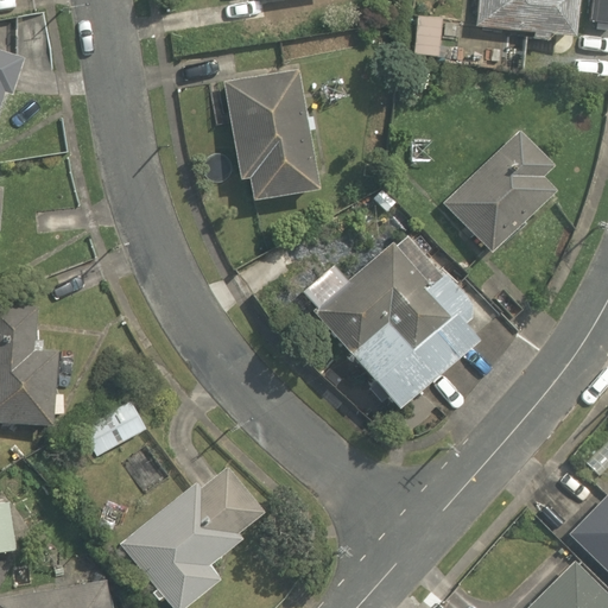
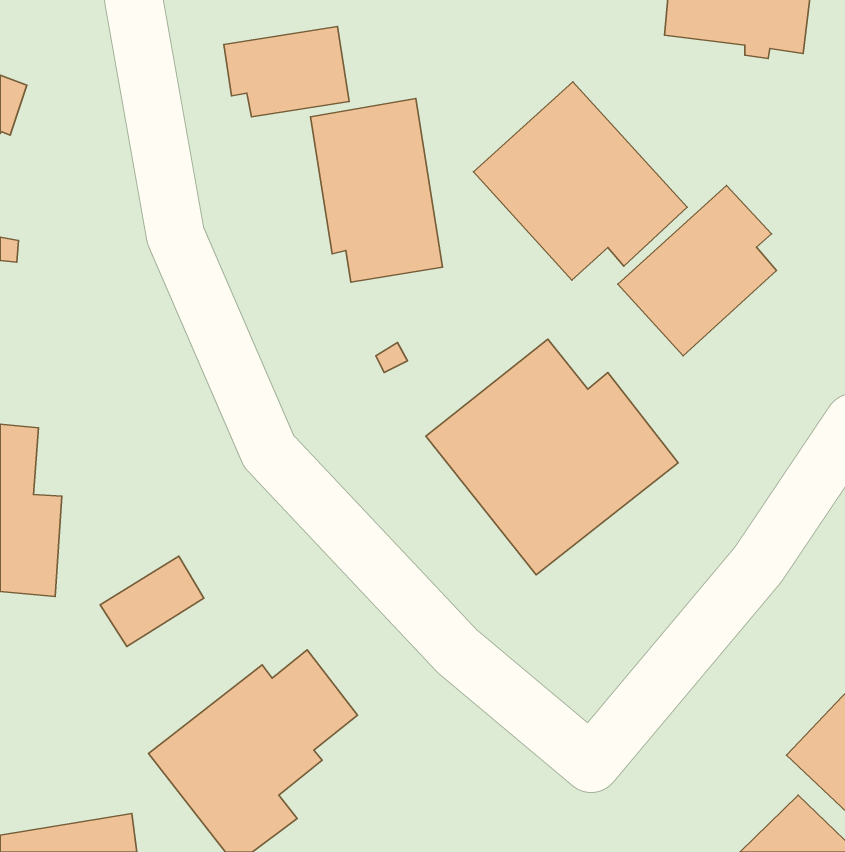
building: none -> [224,26,349,117]
building: none -> [474,82,687,280]

